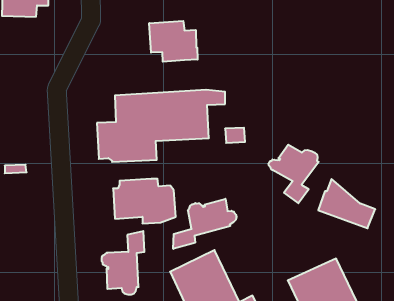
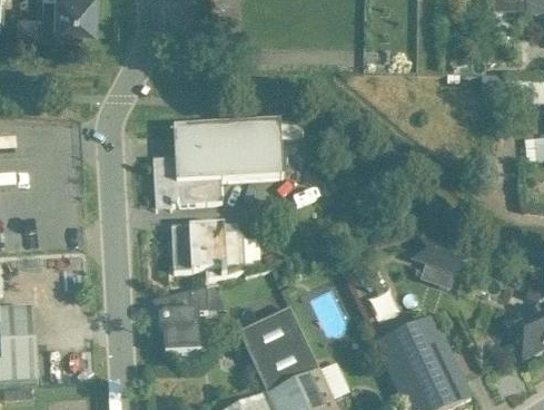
building: [149,21,198,62] -> none
building: [269,145,319,203] -> none
building: [173,199,236,249] -> none

